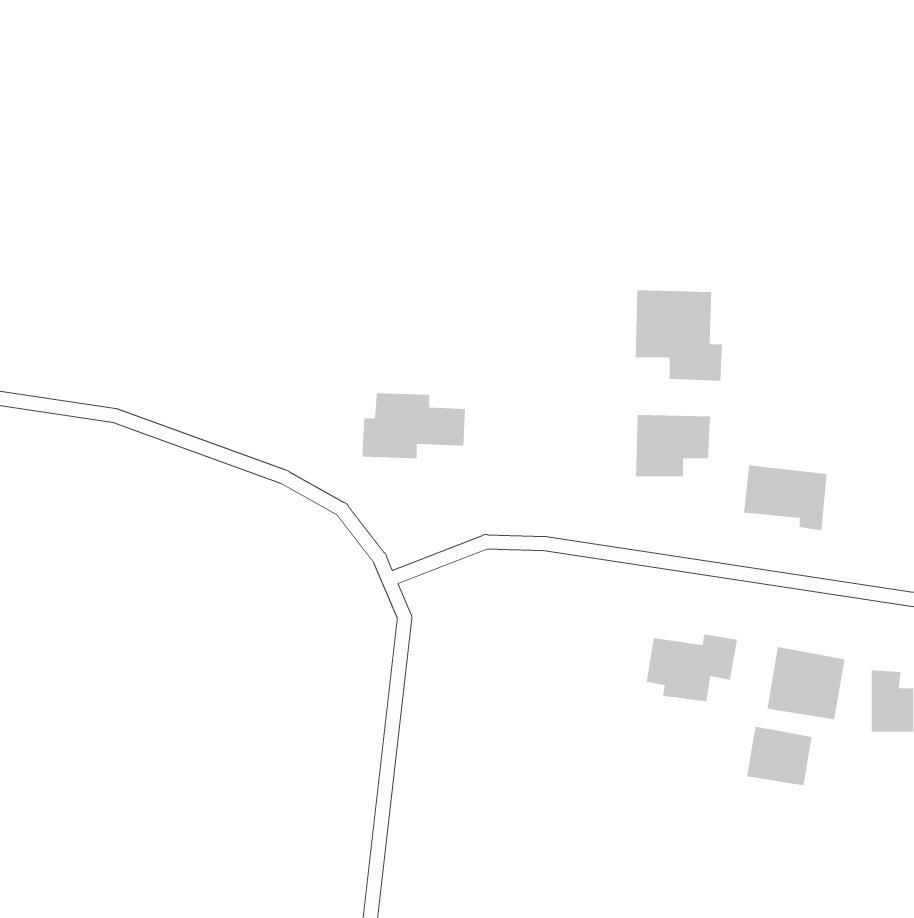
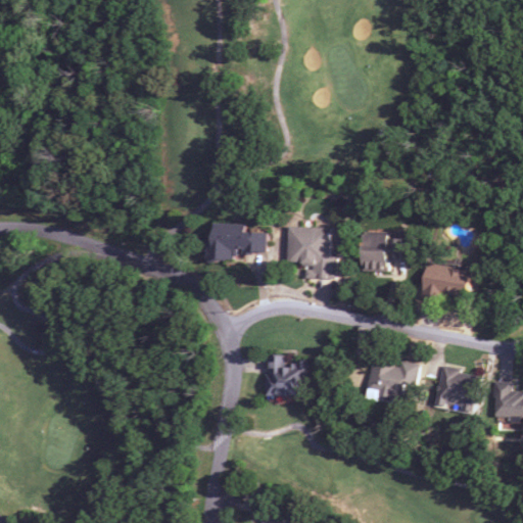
building: [635,290,723,381] -> [285,226,335,278]
building: none -> [266,354,305,395]
building: [746,726,812,786] -> none

